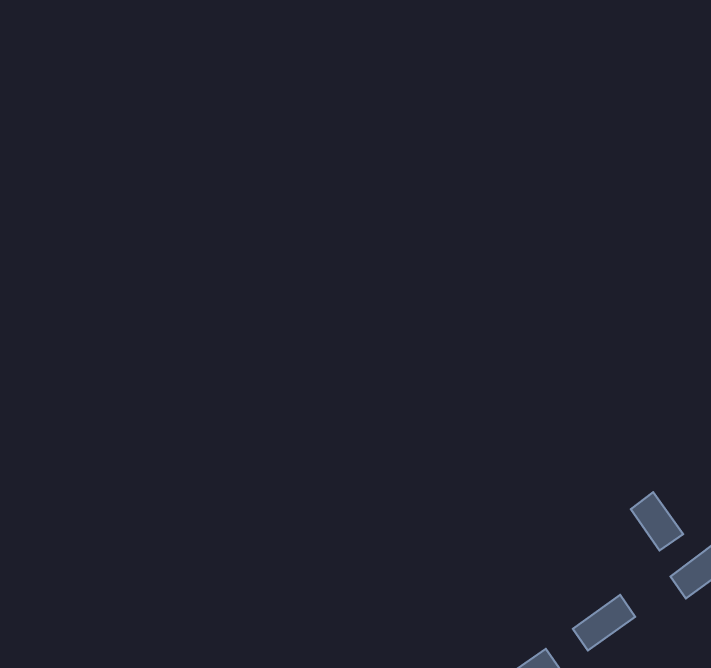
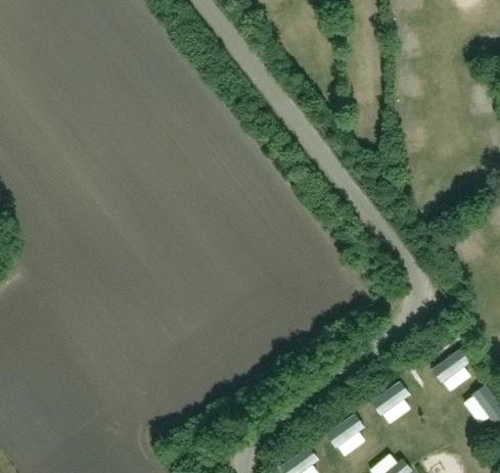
building: [631,492,683,551] -> none

